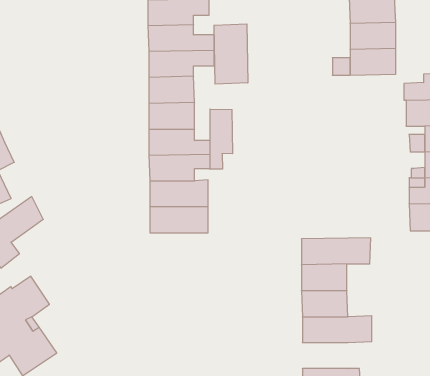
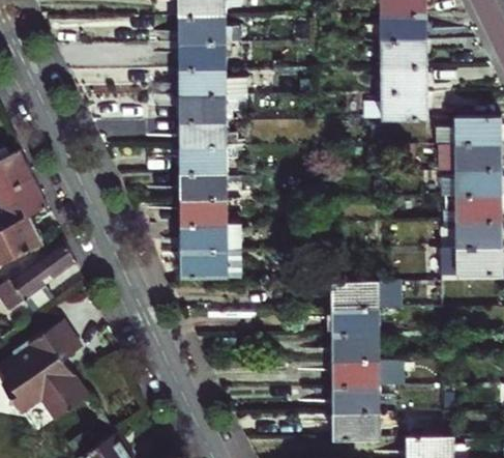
building: [214,24,248,84] -> none
building: [210,109,233,169] -> none
building: none -> [333,387,379,412]

